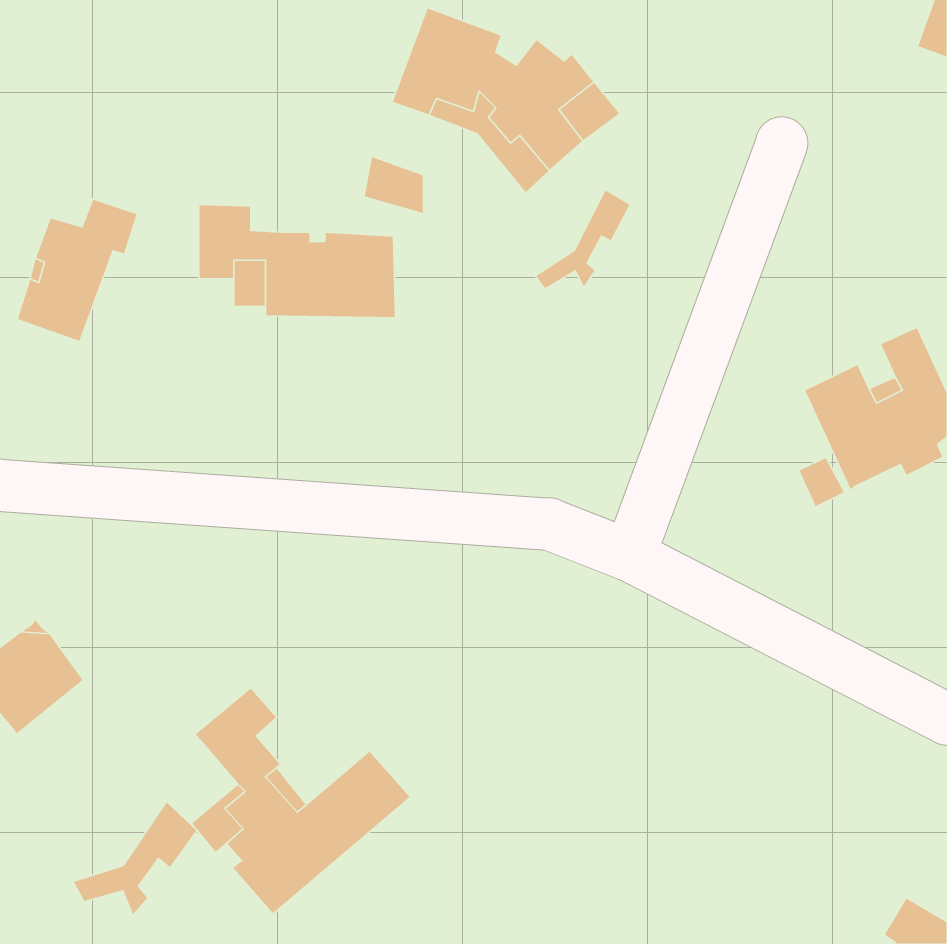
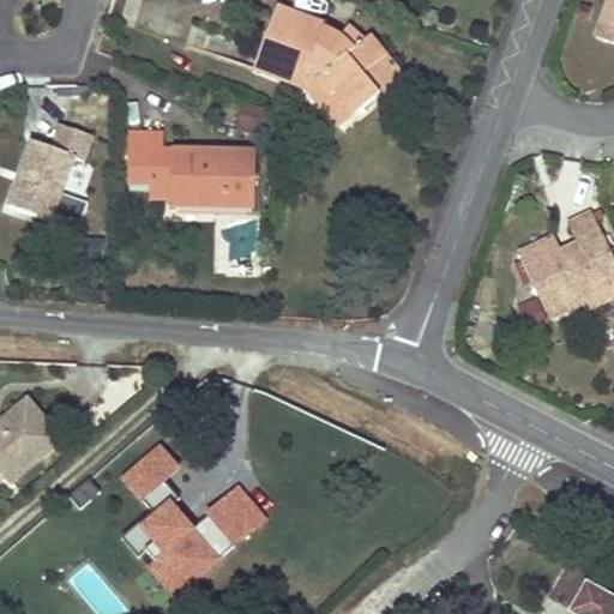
building: [535,189,631,289] -> none
building: [73,802,197,915] -> none

